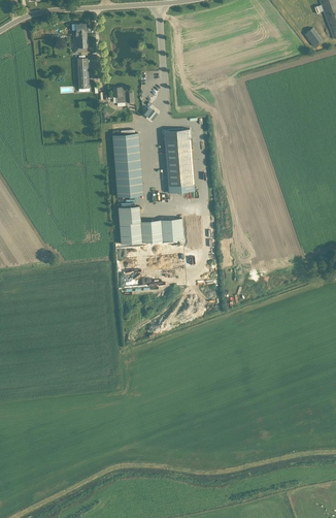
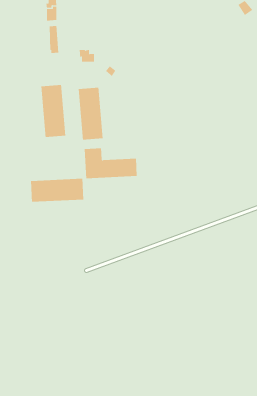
building: [163,128,194,192] -> [41,84,66,137]
building: none -> [30,178,84,203]

